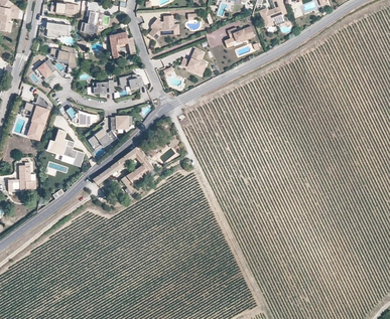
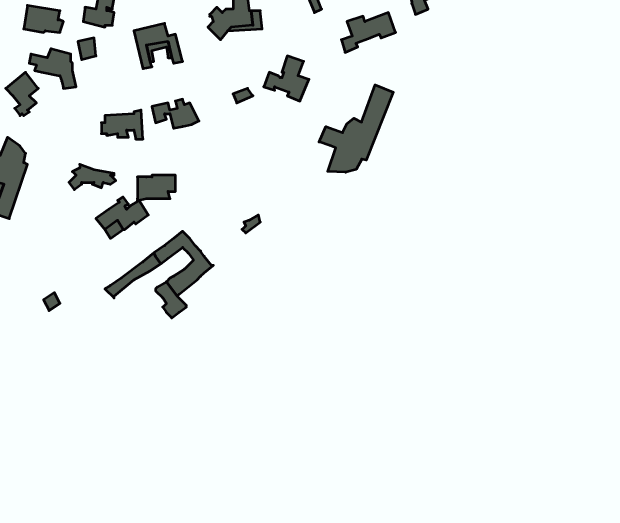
building: none -> [319,85,393,172]
building: [47,129,85,167] -> none

